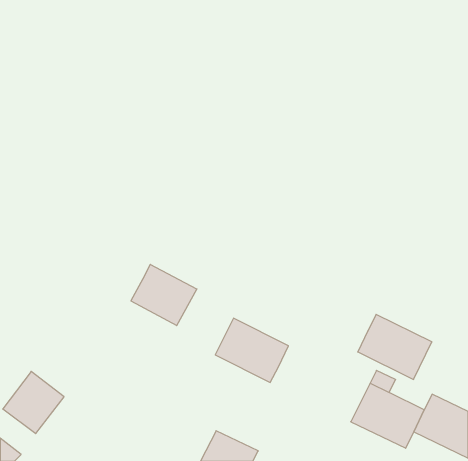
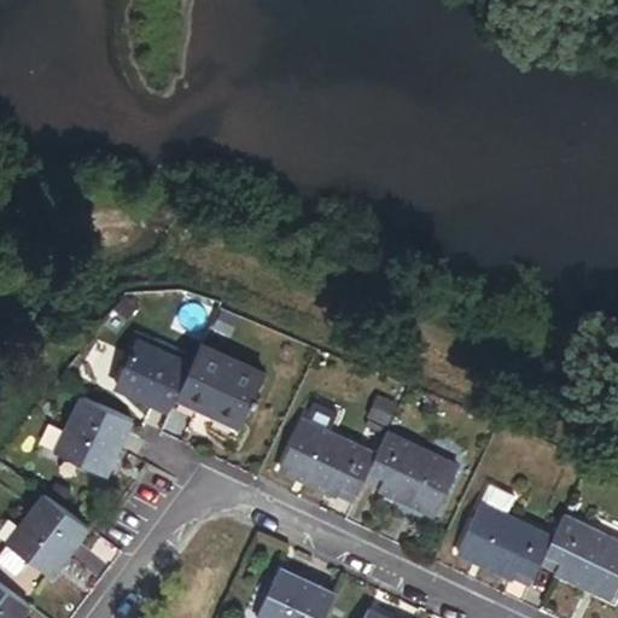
building: none -> [110,339,188,413]
building: none -> [51,393,121,468]
building: [358,314,432,379] -> [367,435,465,520]

